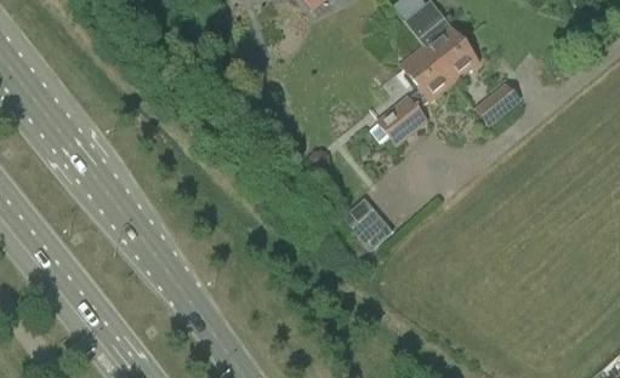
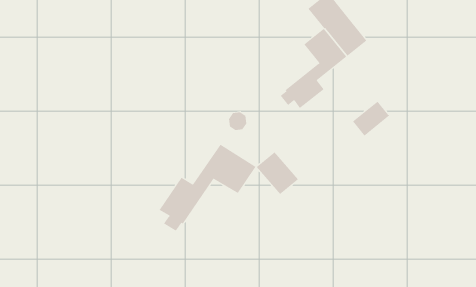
building: [474,81,521,125] -> [352,101,390,136]
building: none -> [159,144,256,232]

